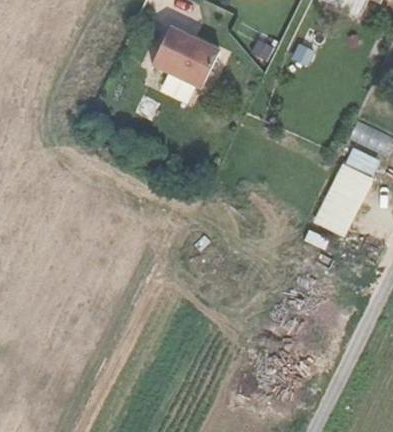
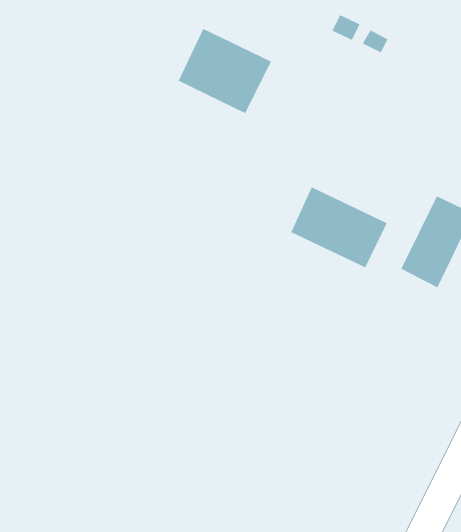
building: none -> [290,186,388,268]

